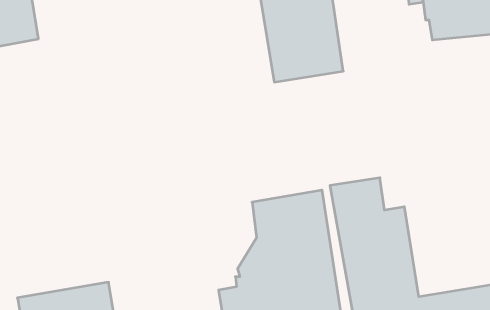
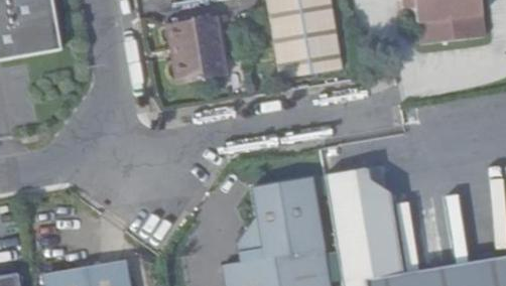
building: none -> [161,14,225,79]

